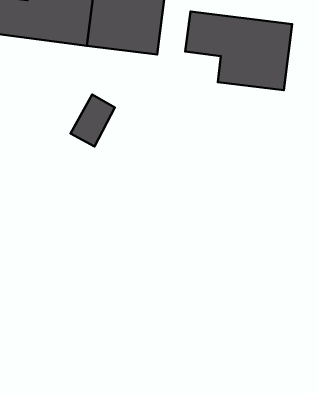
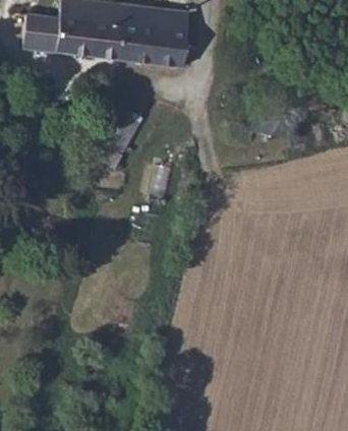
building: [185,12,292,90] -> none

